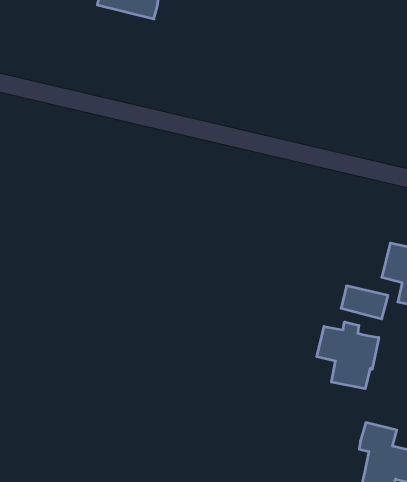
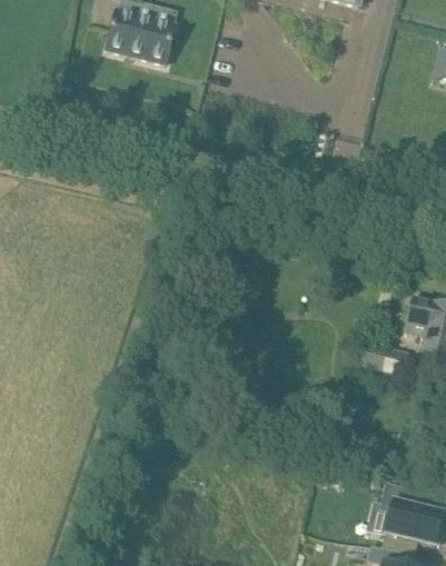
building: [317,322,379,389] -> none

